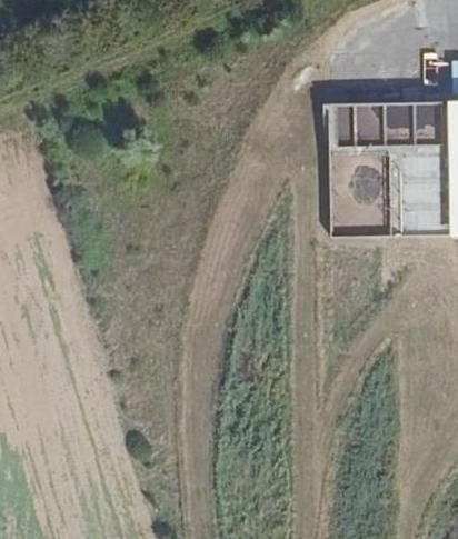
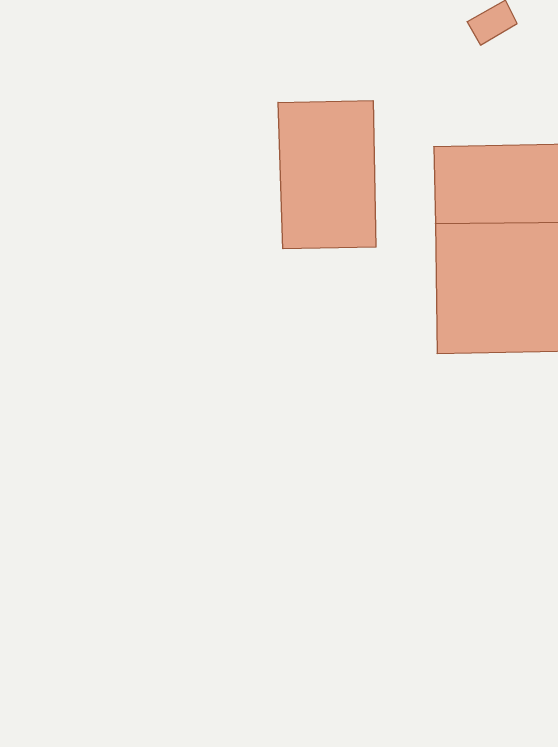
building: none -> [278,101,376,249]

